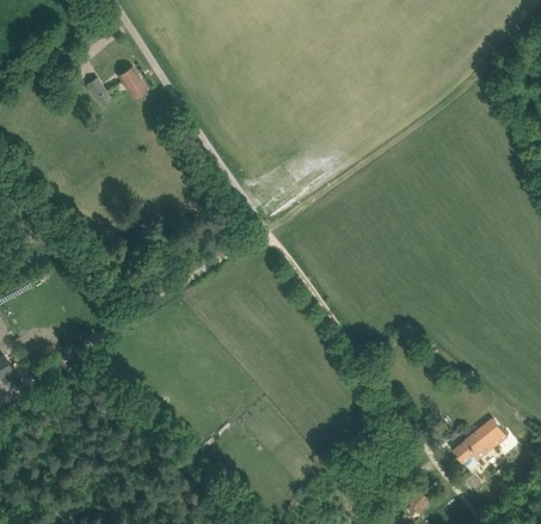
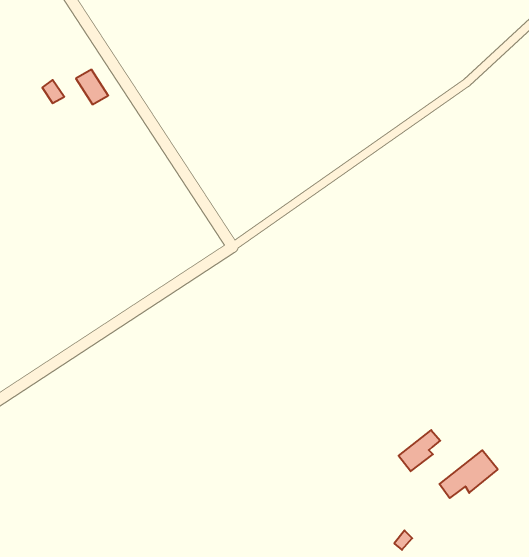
building: none -> [399,430,440,471]

